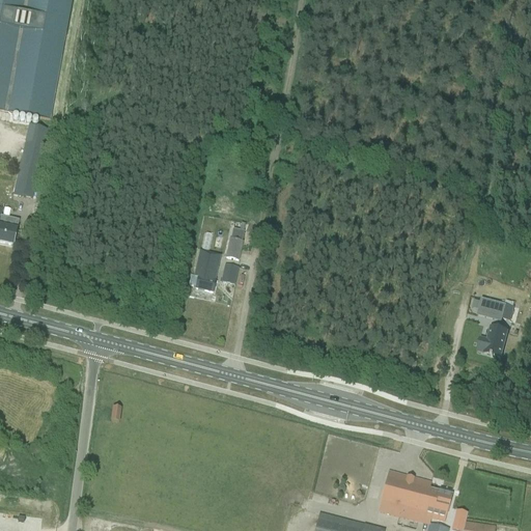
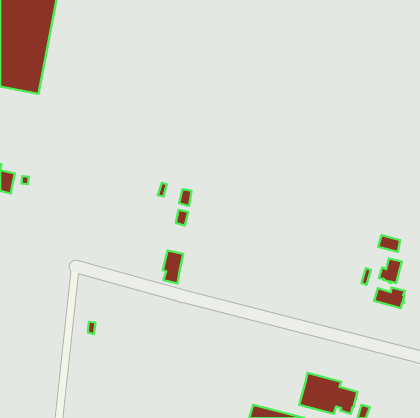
building: [13,123,48,197] -> none
building: [194,250,220,291] -> [163,250,183,283]
building: none -> [374,288,405,308]

